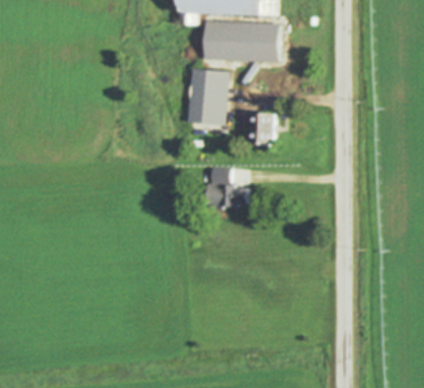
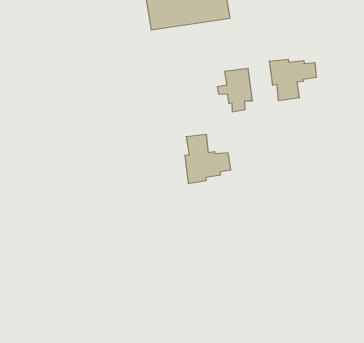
building: [189,68,229,124] -> none
building: none -> [270,59,316,101]

